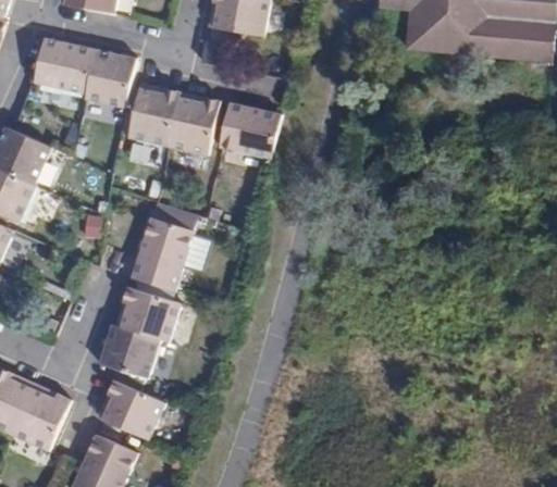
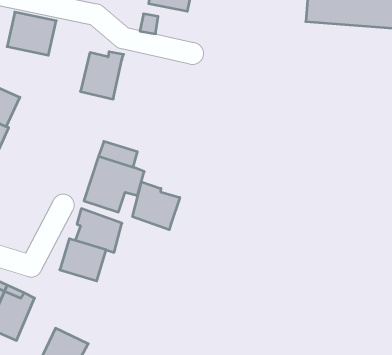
building: [84,49,136,111] -> none
building: [168,97,219,157] -> none
building: [219,102,281,162] -> none
building: none -> [133,182,180,230]
building: [102,379,163,439] -> none

